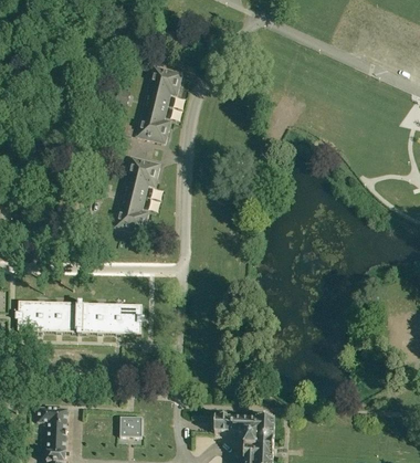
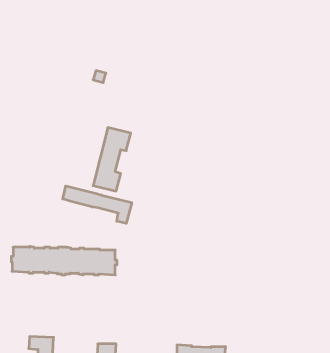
building: [137,67,182,144] -> none
building: none -> [63,186,132,223]

